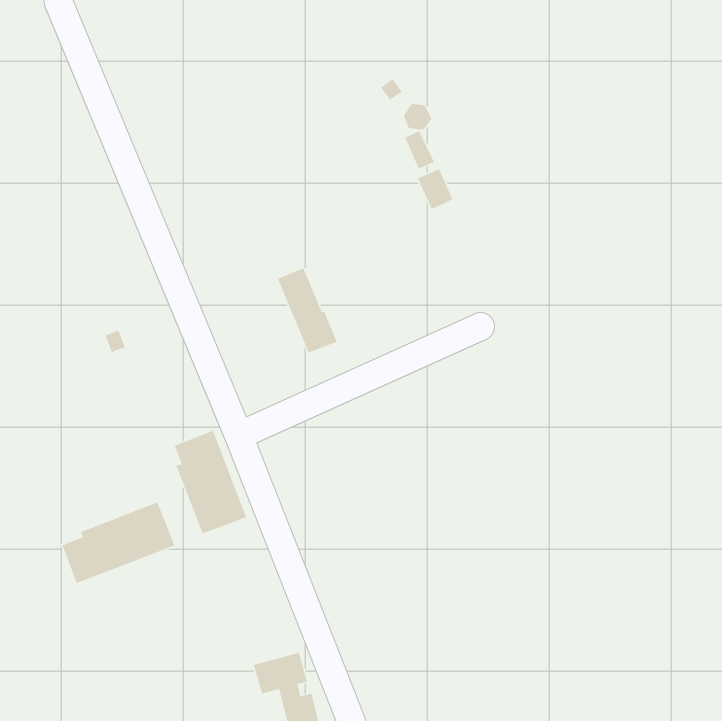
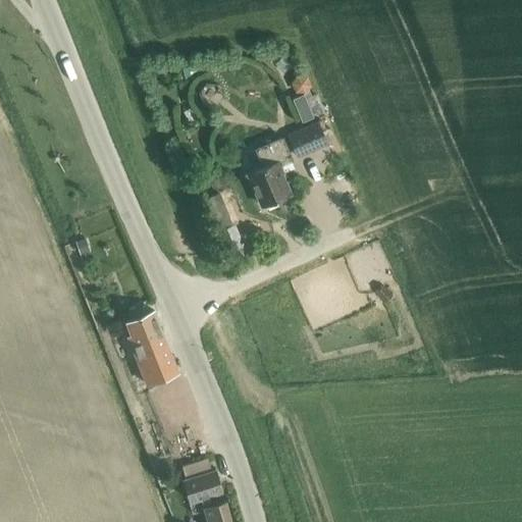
building: none -> [248,138,294,211]
building: [61,502,175,584] -> none

